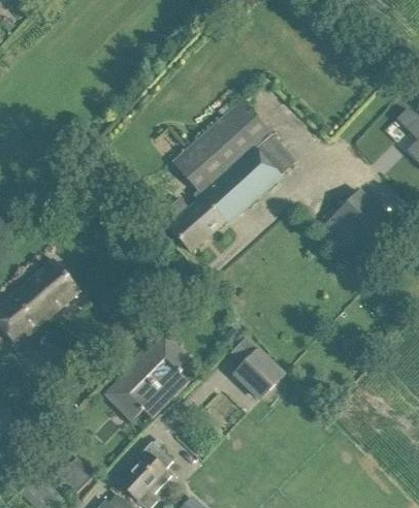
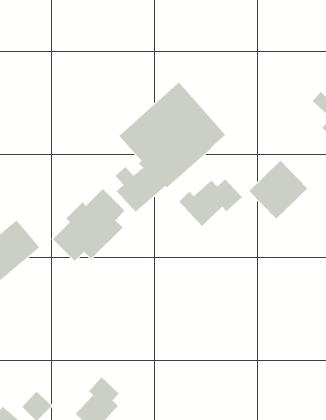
building: none -> [178,179,243,227]
building: [106,335,191,419] -> [52,188,125,261]
building: [235,349,284,398] -> none

